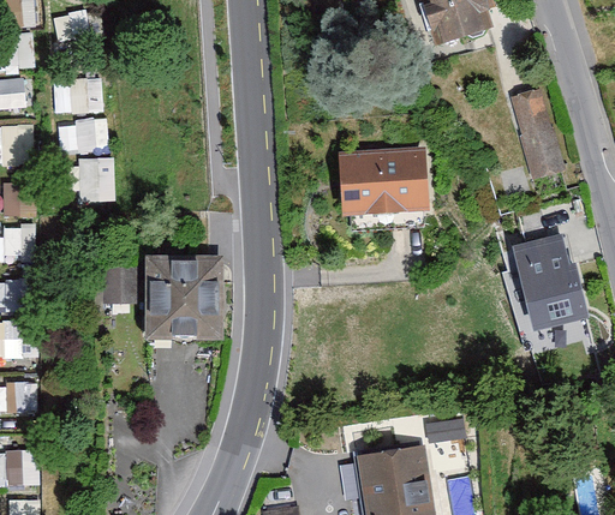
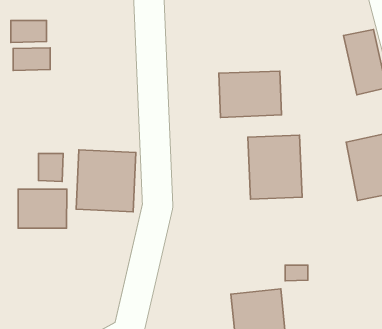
building: [62,152,113,200] -> none
building: none -> [248,135,302,199]
building: none -> [18,189,67,228]

